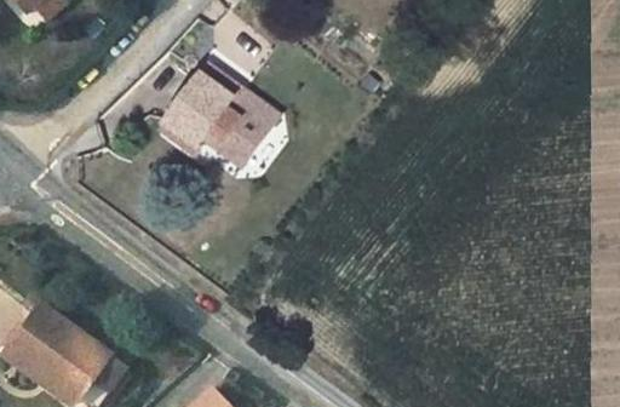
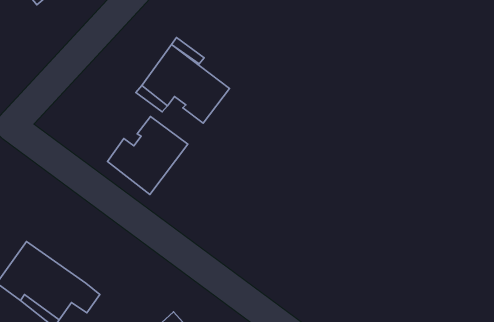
building: none -> [108,116,188,194]

